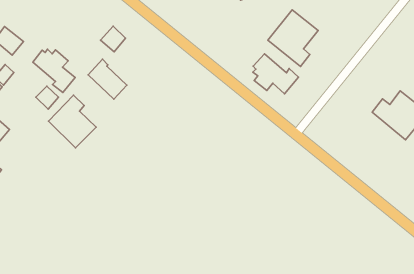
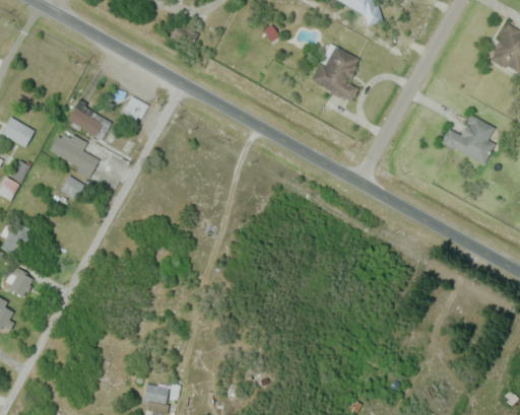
building: [253,54,299,94] -> none
building: [88,59,127,99] -> [67,99,113,142]
building: [49,95,96,148] -> none

